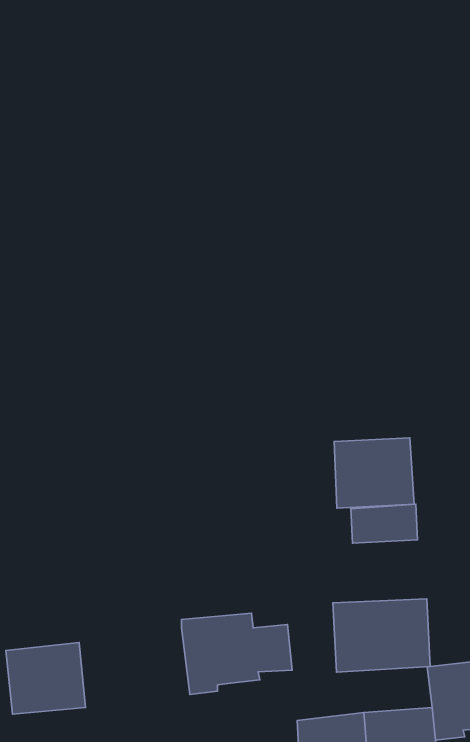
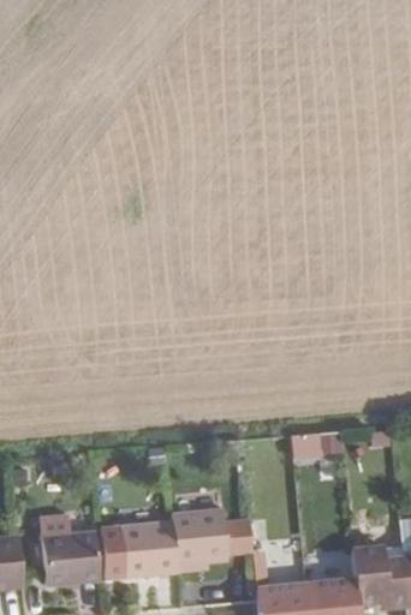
building: [334,438,414,508] -> none
building: [333,599,430,672] -> none
building: none -> [120,520,177,577]

